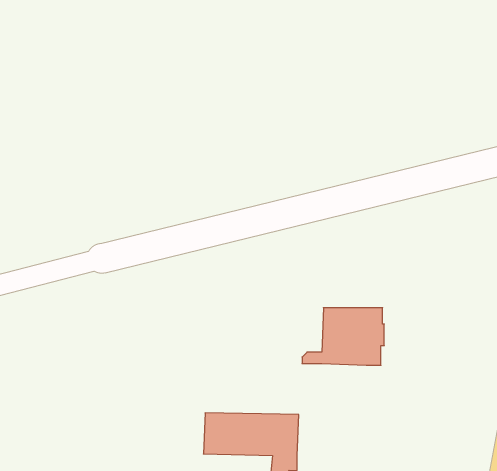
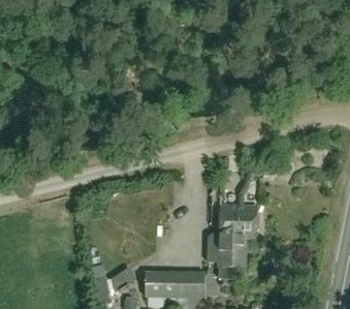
building: none -> [205,240,247,278]

